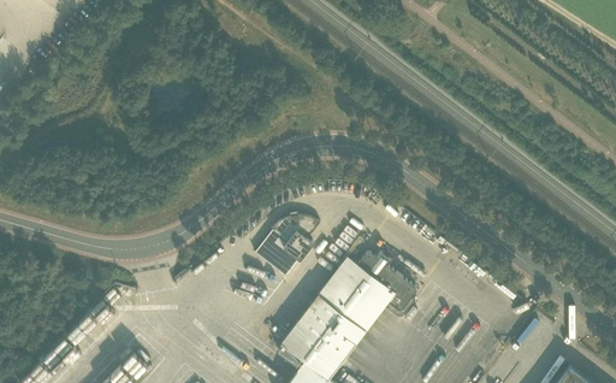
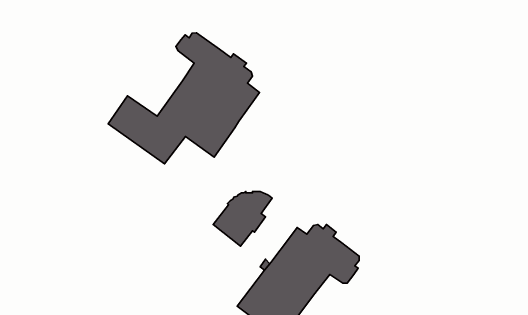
building: none -> [108,33,259,164]

